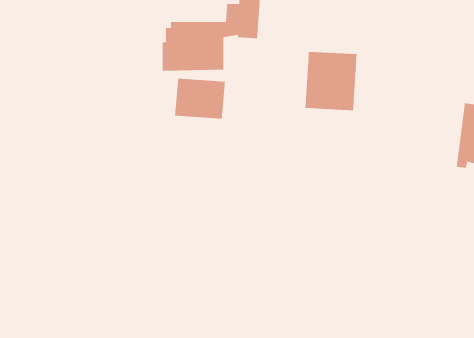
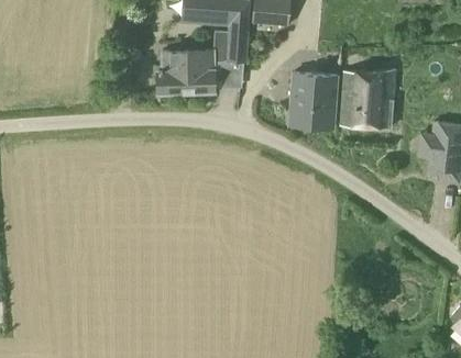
building: none -> [340,70,395,128]
building: [174,78,226,119] -> none

